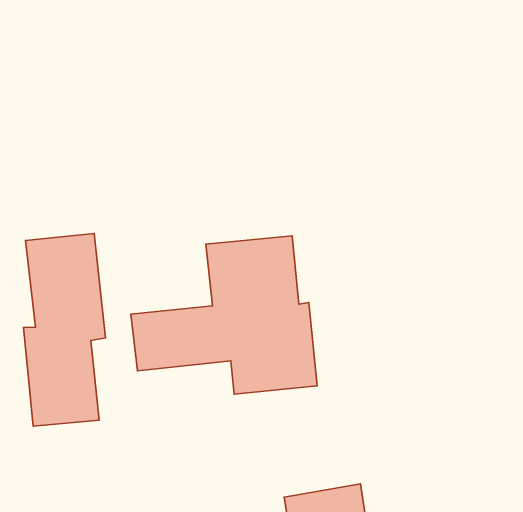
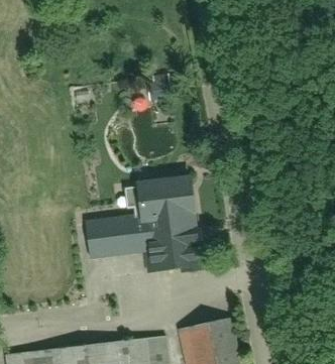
building: [23,234,105,426] -> none

